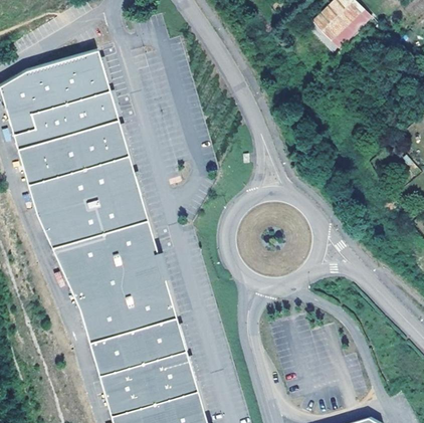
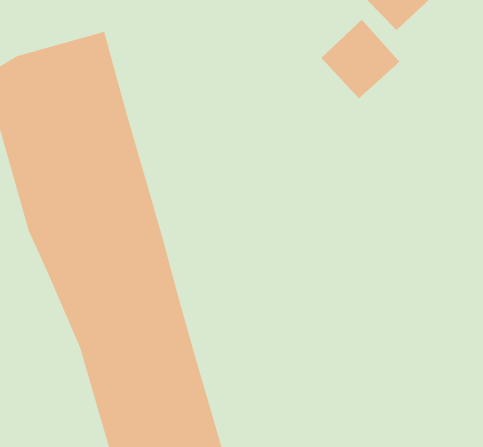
building: none -> [321,19,400,99]

